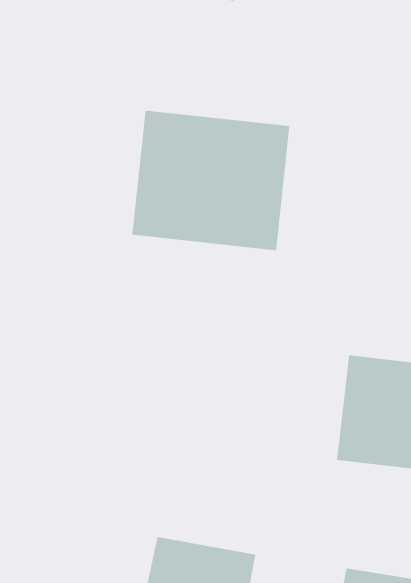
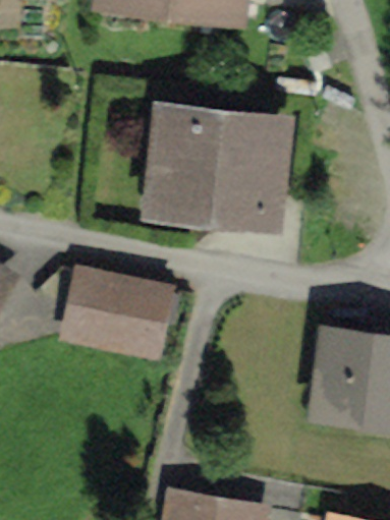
building: none -> [75,271,180,353]

